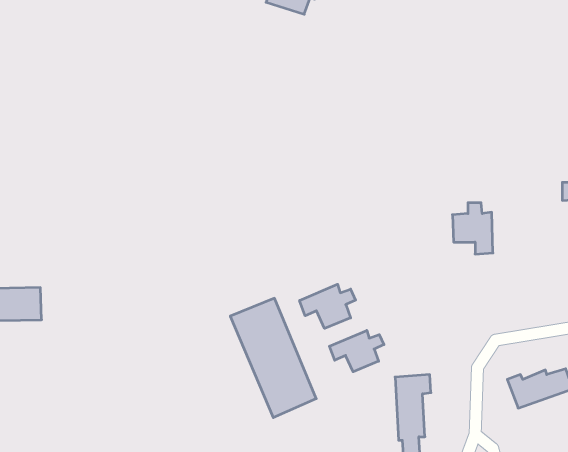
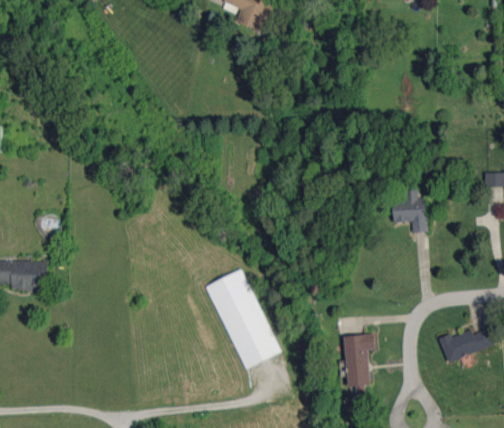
building: [300,284,356,328] -> none
building: [329,330,384,372] -> none

